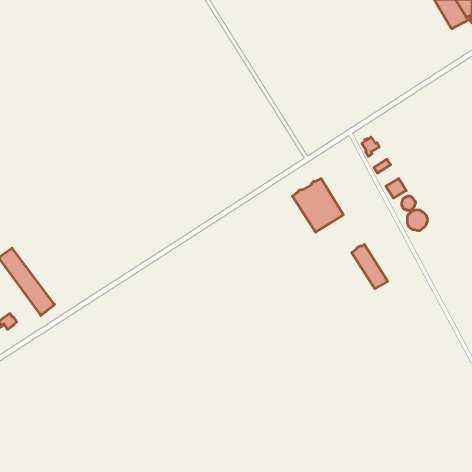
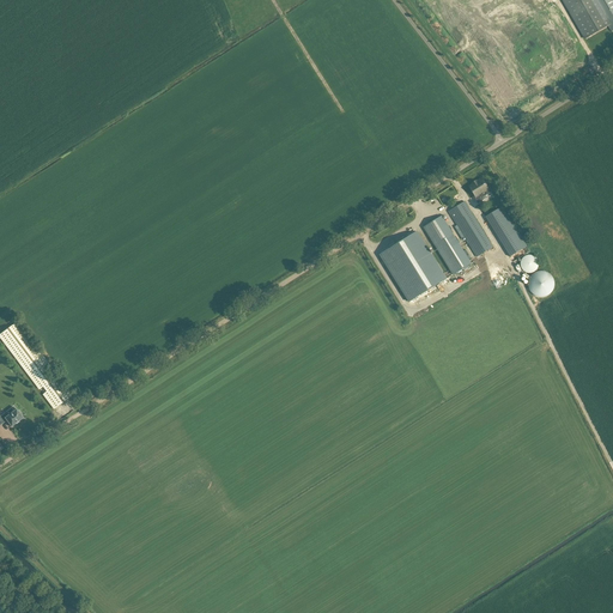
building: none -> [448,200,492,255]
building: [352,244,388,289] -> [423,216,469,273]

